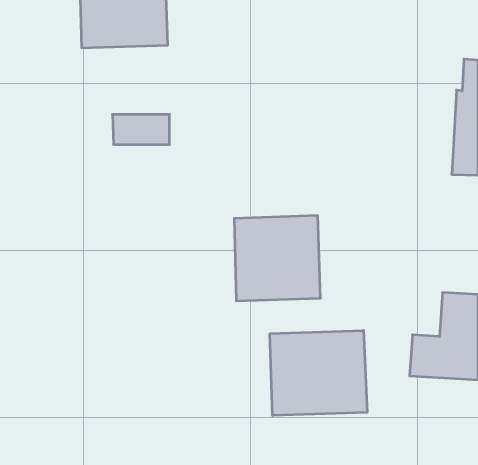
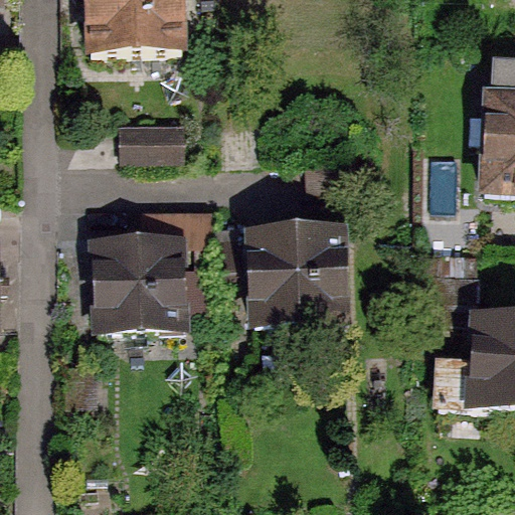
building: none -> [96,237,184,327]
building: [270,330,367,416] -> none

